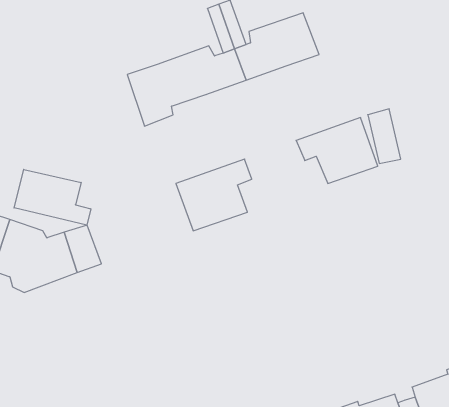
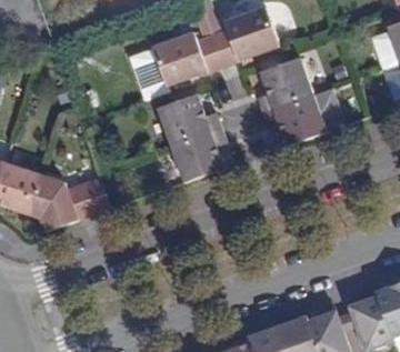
building: none -> [256,58,311,112]
building: none -> [156,93,221,145]
building: [14,169,91,225] -> none

